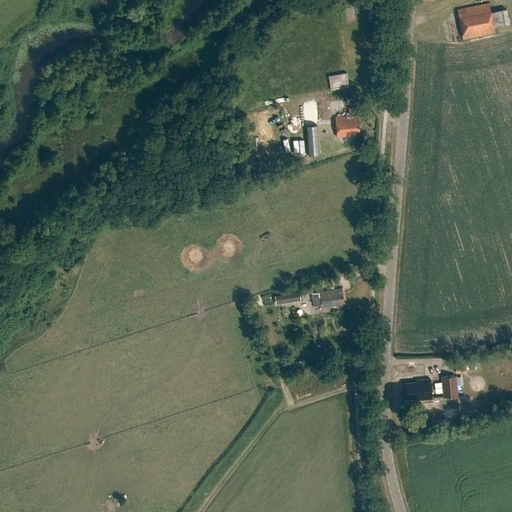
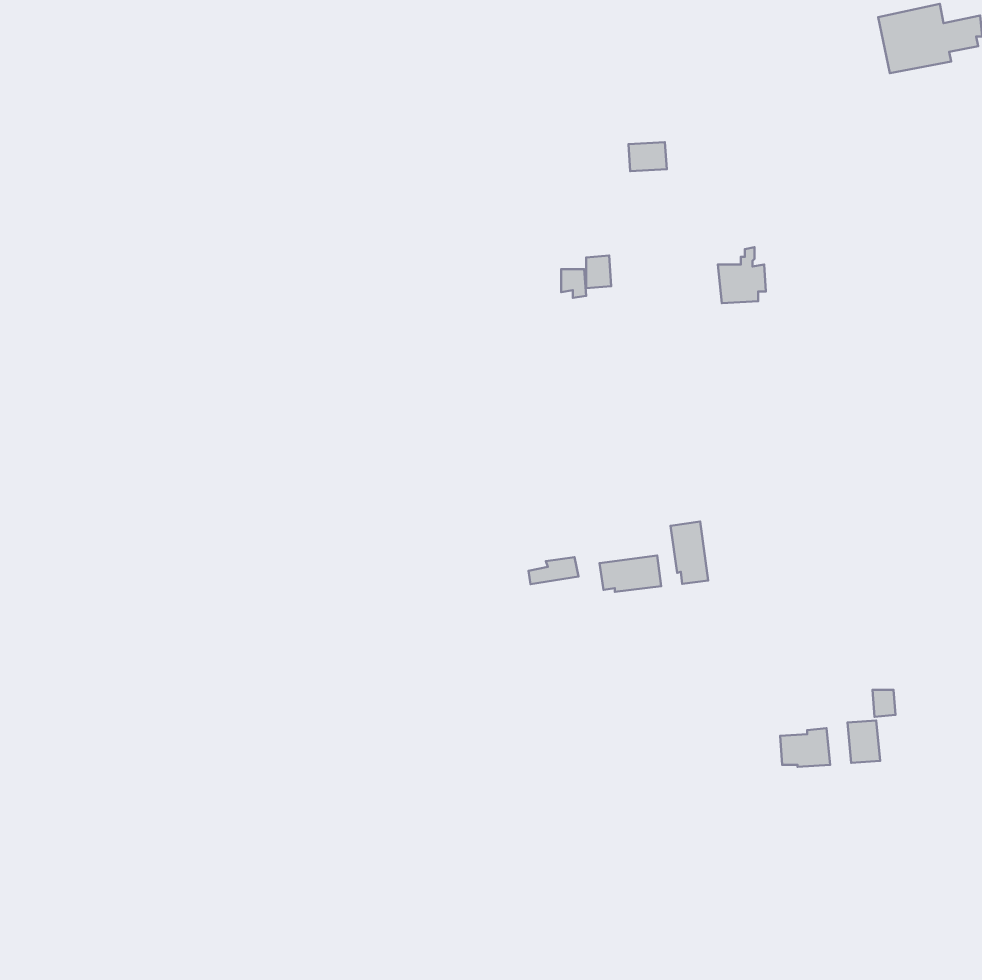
building: [335,109,360,138] -> [718,247,766,303]
building: none -> [671,522,708,584]

